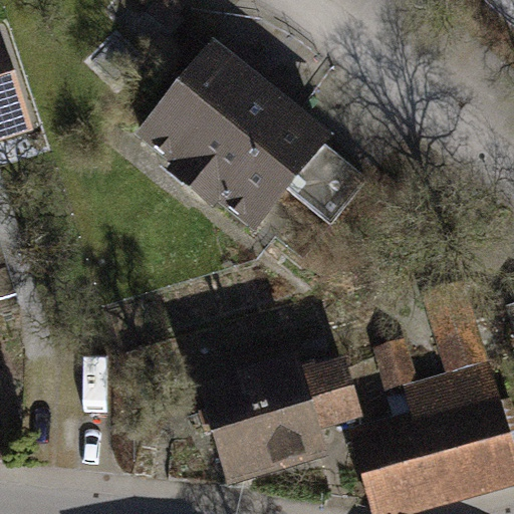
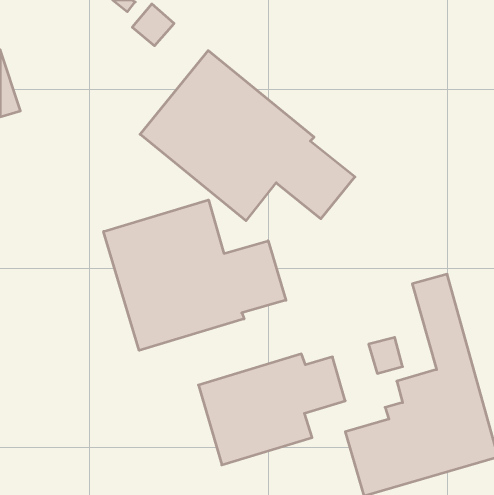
building: none -> [104,200,286,350]

